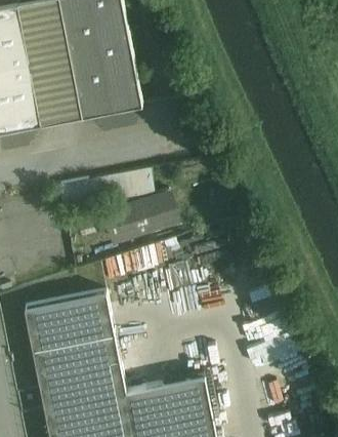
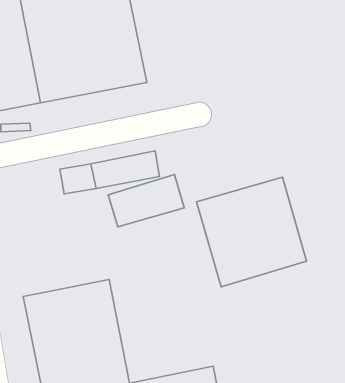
building: none -> [197,177,307,287]

